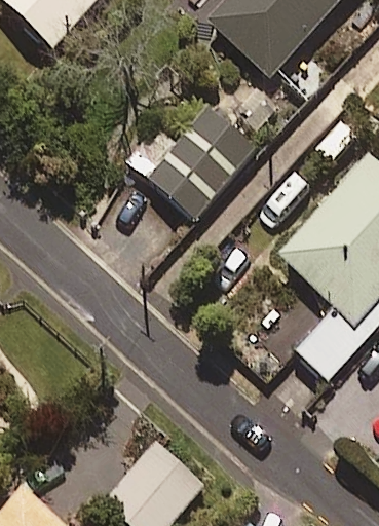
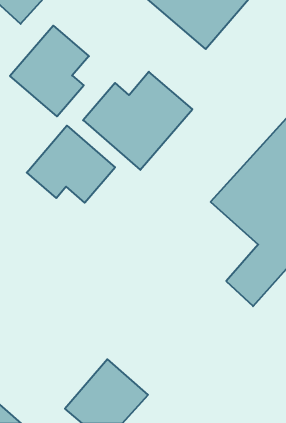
building: none -> [10,26,89,116]
building: none -> [27,126,115,203]

